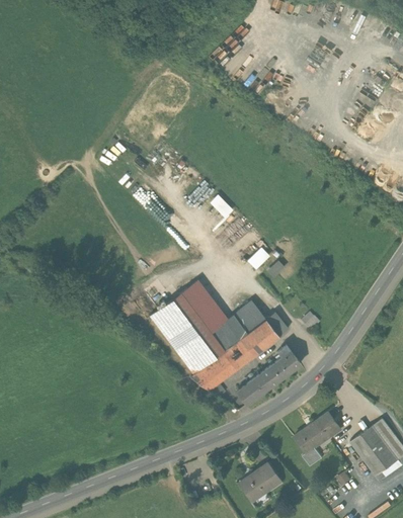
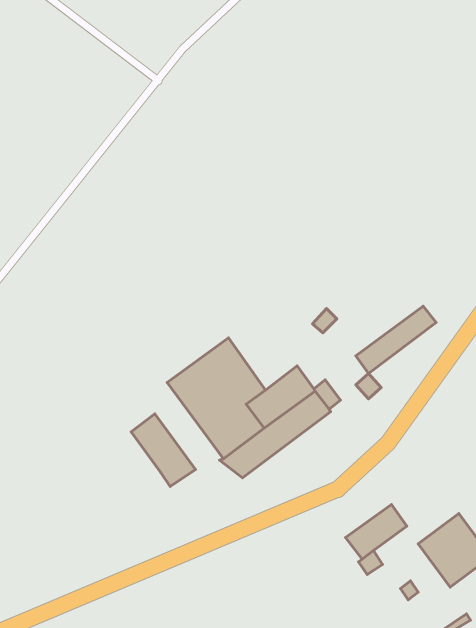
building: none -> [131,414,195,487]
building: [237,352,301,406] -> [356,306,436,374]
building: [238,459,283,502] -> none

